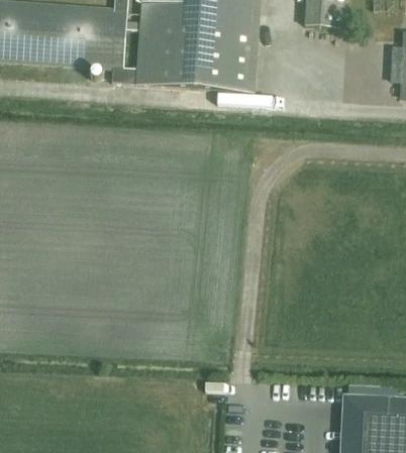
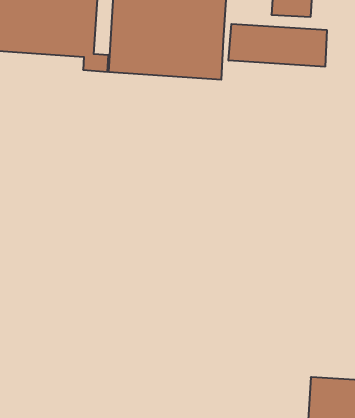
building: none -> [229,24,327,67]

